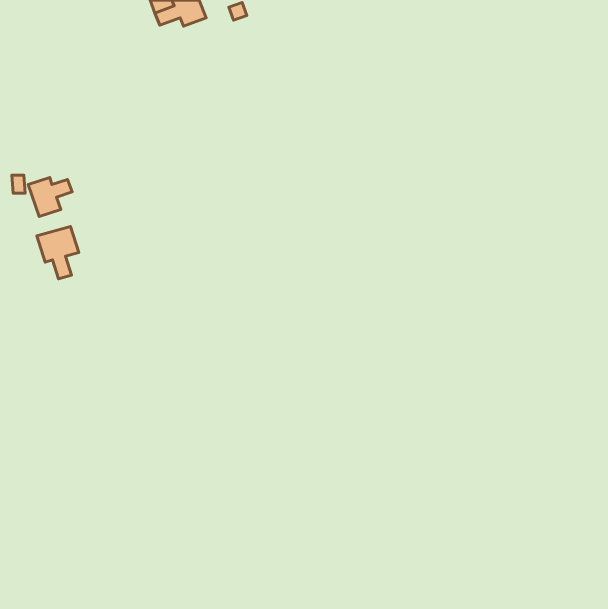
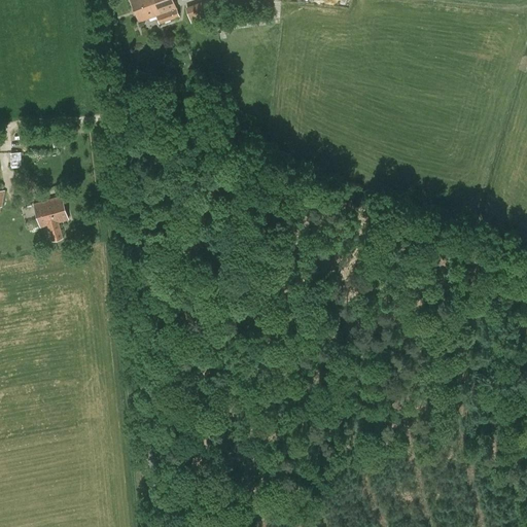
building: [28,177,72,216] -> none

